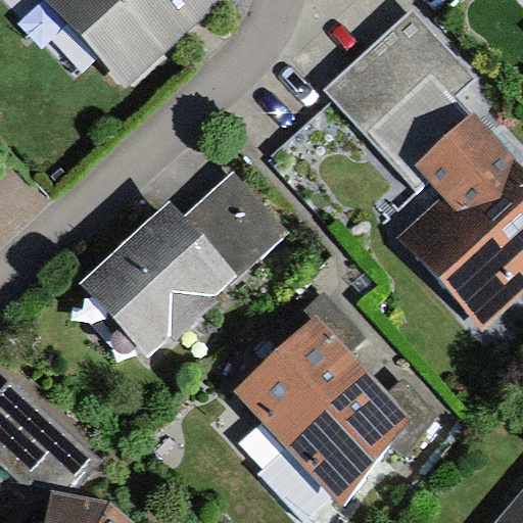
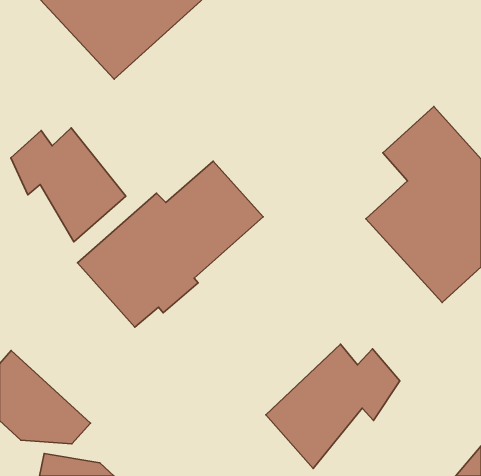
building: [324,7,476,165] -> none
building: none -> [11,128,126,242]
building: [234,317,369,449] -> none

